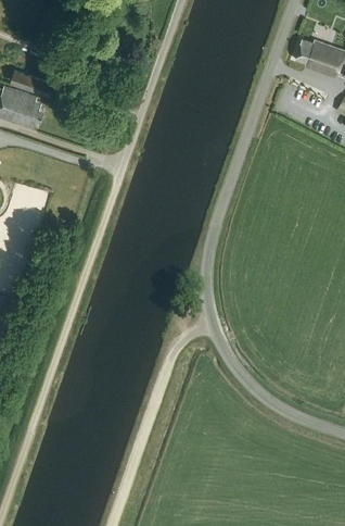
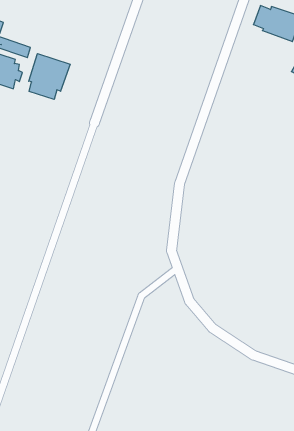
building: none -> [29,54,70,99]

